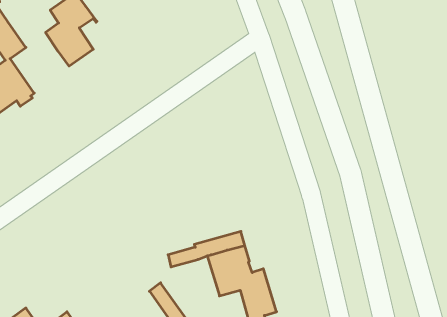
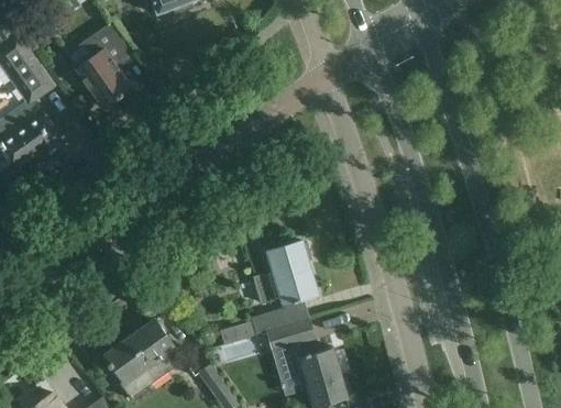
building: none -> [253,241,316,304]
building: none -> [106,320,185,384]

